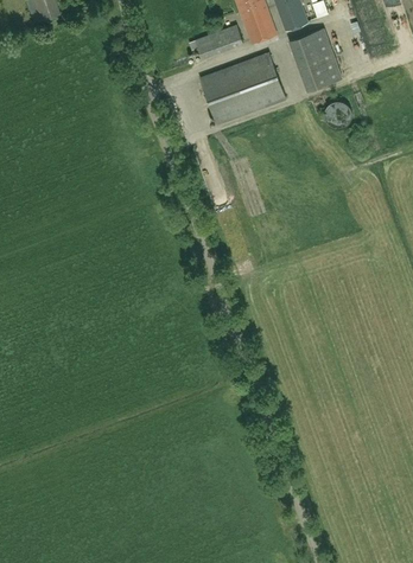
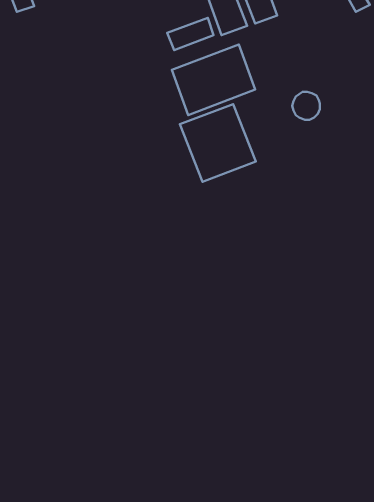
building: [288,28,341,90] -> none
building: none -> [180,104,256,182]

